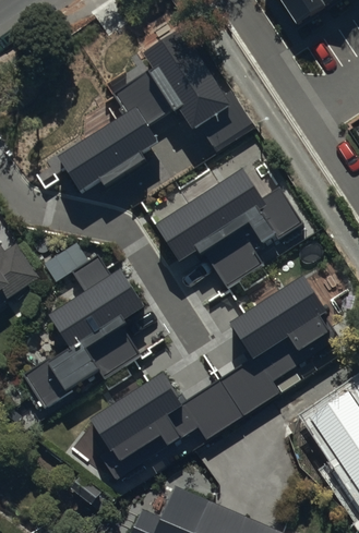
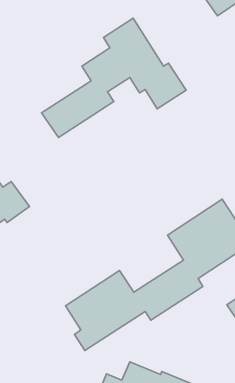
building: [155,170,307,289] -> none
building: [22,251,143,411] -> none

